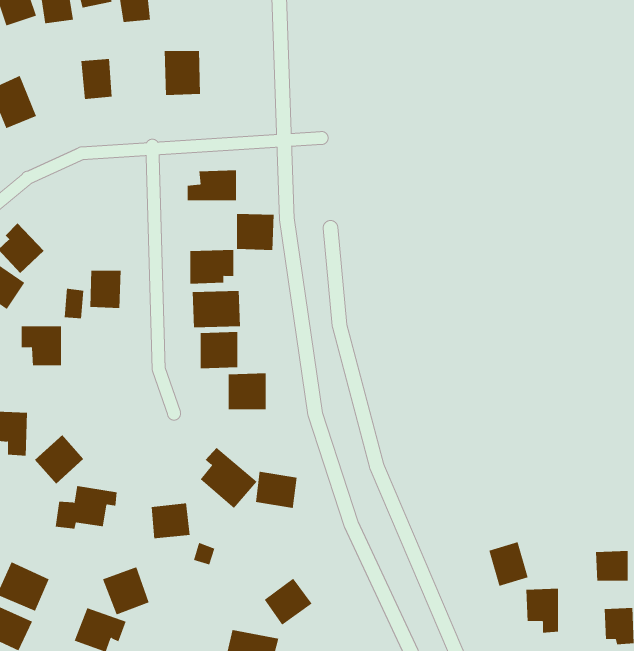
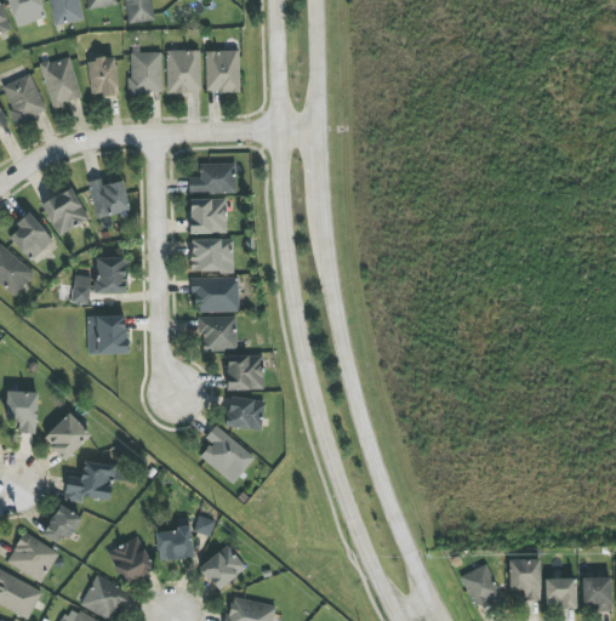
building: none -> [205,50,239,91]
building: none -> [130,52,161,93]
building: none -> [40,56,81,106]
building: none -> [90,178,129,217]
building: none -> [41,187,89,235]
building: [236,213,275,251] -> [190,198,227,233]
building: [21,326,62,366] -> [87,315,126,353]
building: [255,471,297,508] -> [224,395,264,431]
building: [151,503,191,539] -> [156,526,194,560]
building: none -> [42,505,79,546]
building: [489,541,528,586] -> [462,564,500,606]
building: [595,550,629,581] -> [544,577,576,606]
building: [264,578,313,625] -> [200,545,246,589]

